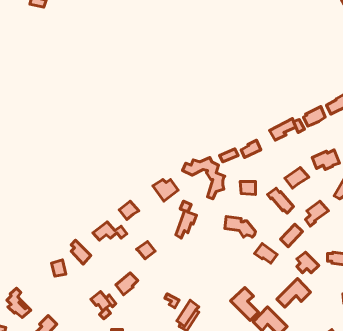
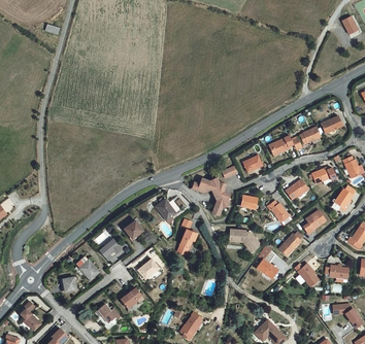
building: [277,278,310,307] -> none
building: [231,288,258,320] -> none

